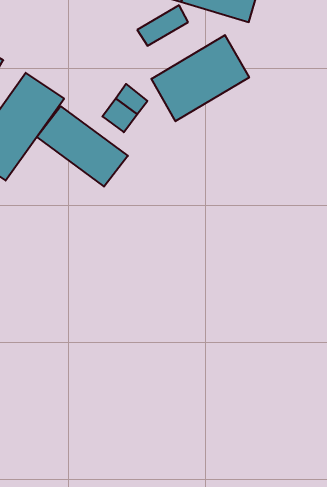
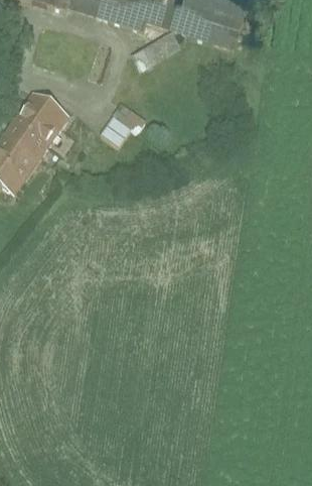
building: [151,35,249,121] -> none
building: [37,106,128,187] -> none

